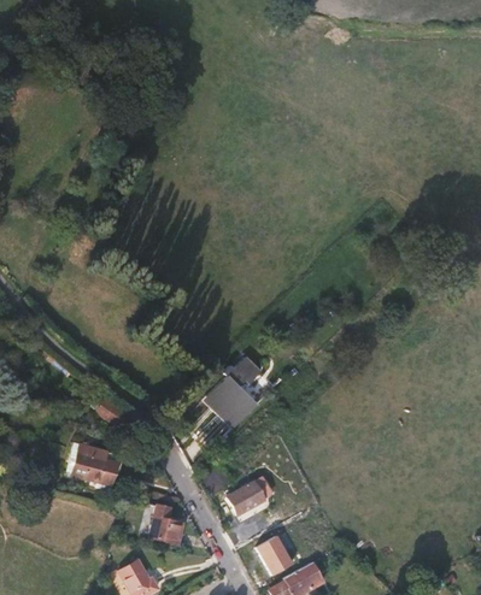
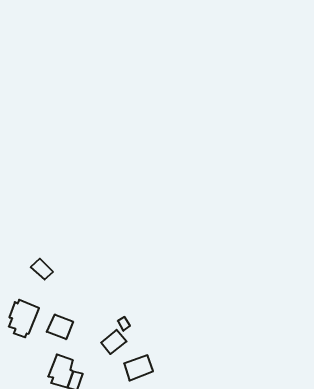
building: [203,355,258,424] -> none
building: none -> [47,314,73,339]

